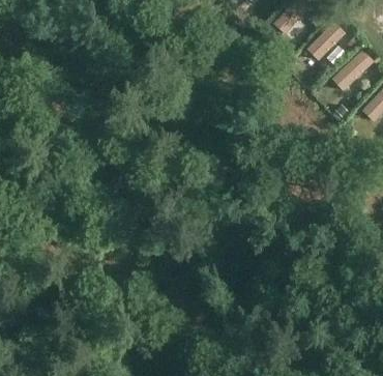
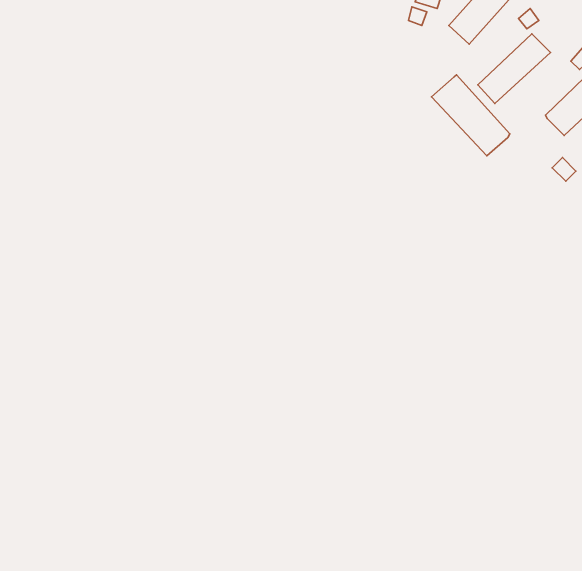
building: none -> [431,75,510,156]

